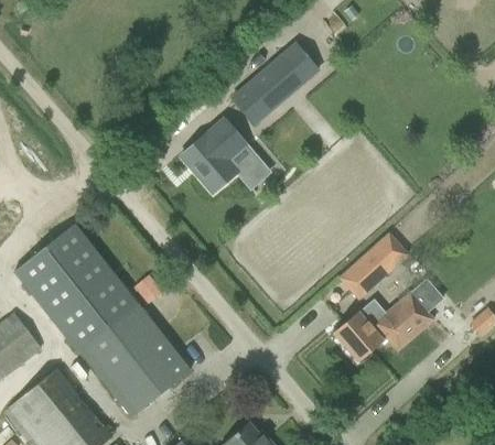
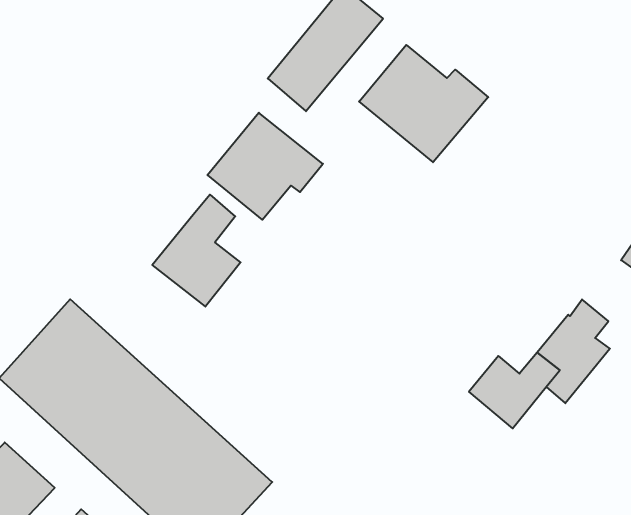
building: none -> [359,45,488,162]
building: none -> [152,195,241,307]
building: [338,234,406,299] -> none

